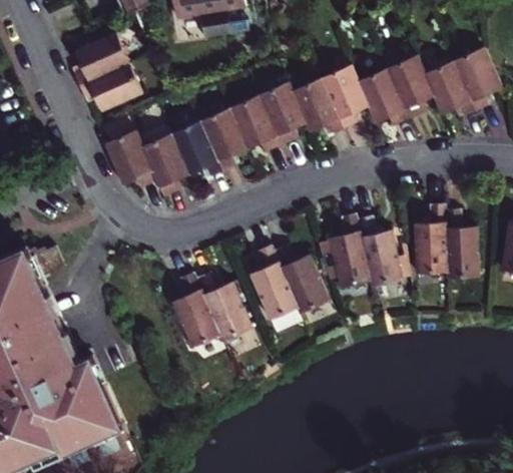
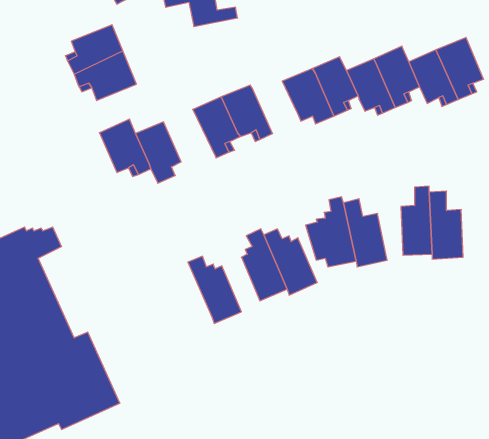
building: [259,83,307,146] -> none
building: [169,121,223,179] -> none
building: [171,274,219,349] -> none

